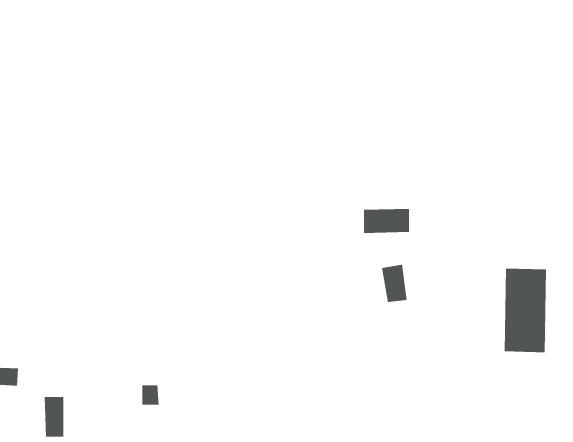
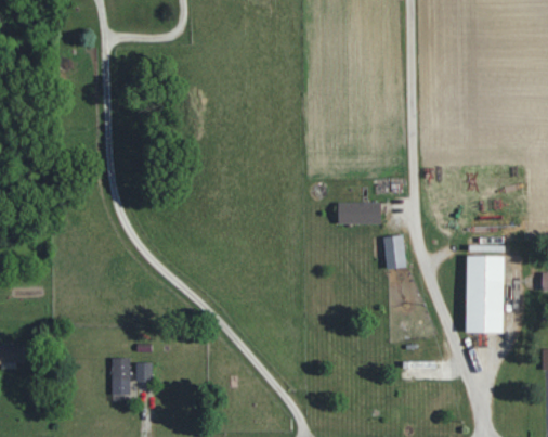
building: [381,264,407,302] -> [382,234,406,269]
building: [44,397,64,437] -> [112,358,130,395]

